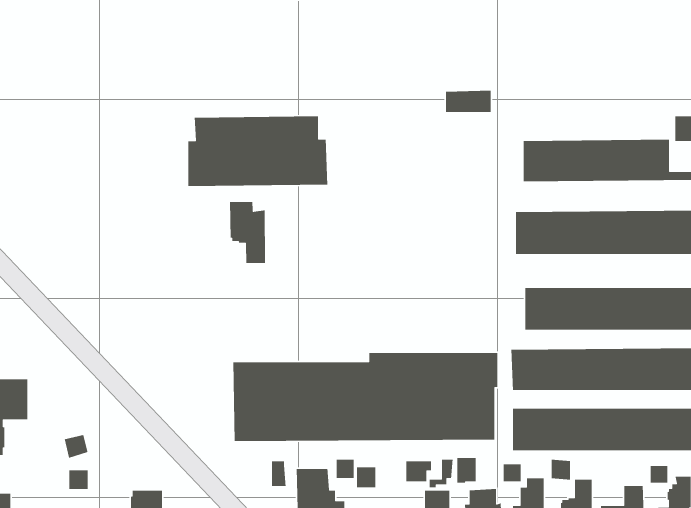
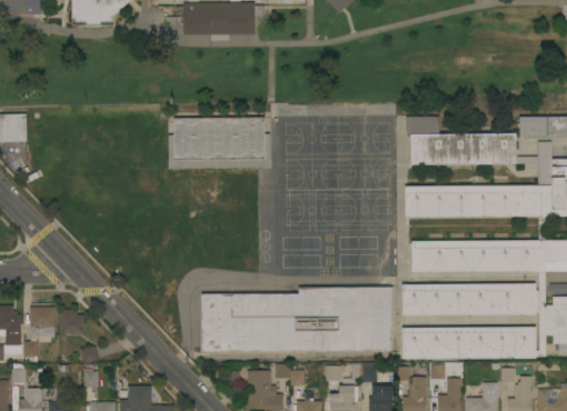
building: [445,90,491,113] -> [406,116,439,132]
building: [229,201,266,264] -> none
building: none -> [60,309,84,335]

